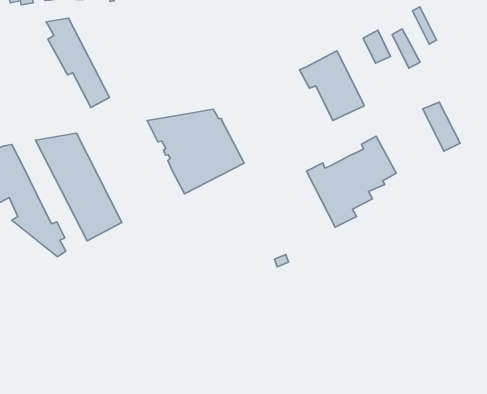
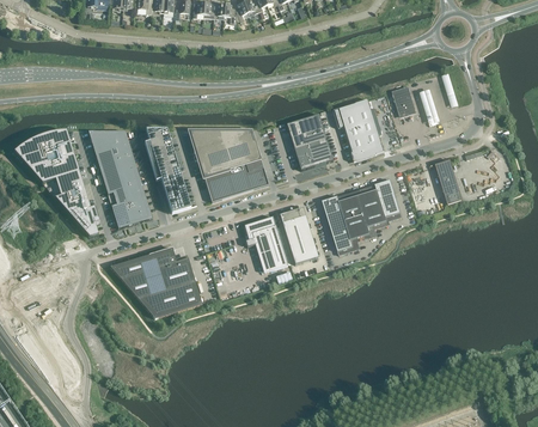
building: [46,18,110,107] -> [145,129,190,212]
building: none -> [287,112,332,169]
building: none -> [280,208,318,263]
building: none -> [244,215,288,270]
building: none -> [110,248,202,318]

